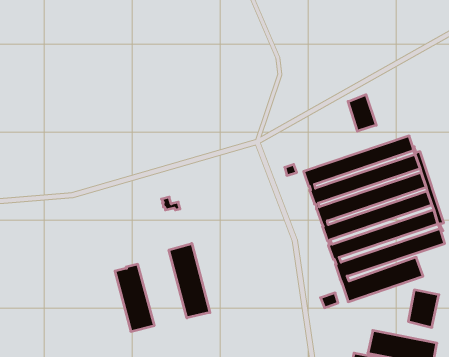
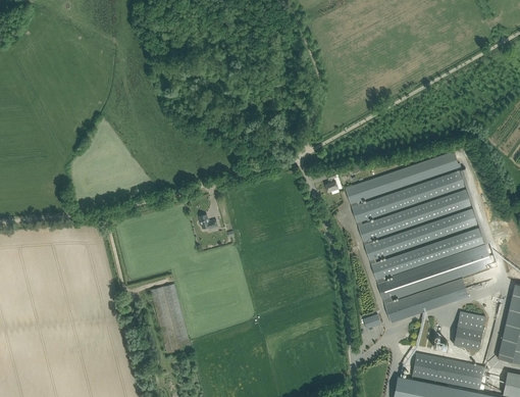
building: [348,95,376,131] -> none
building: [169,243,210,318] -> none

